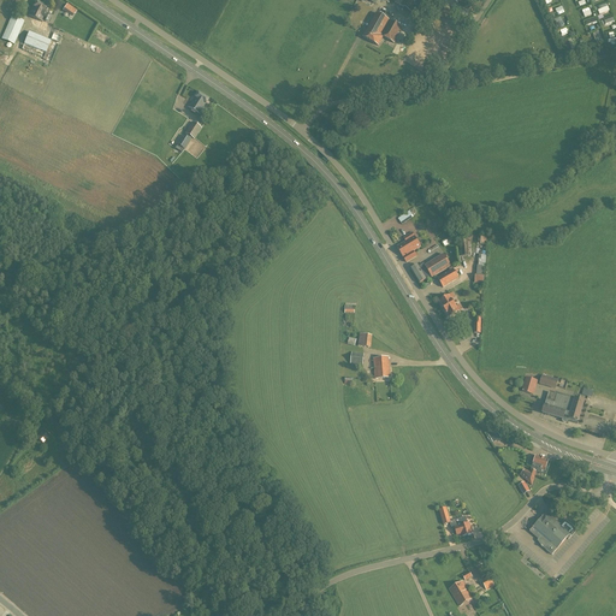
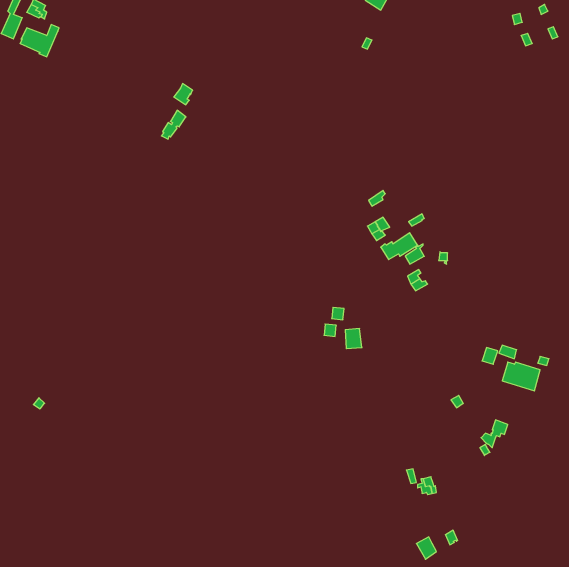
building: [363,11,403,43] -> none
building: [529,510,576,553] -> none

